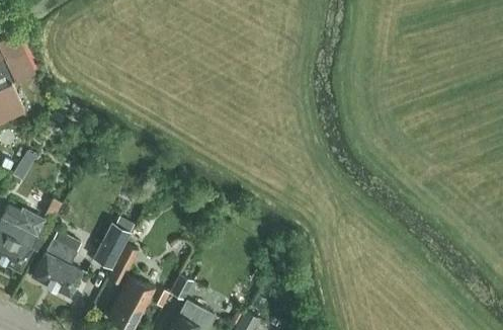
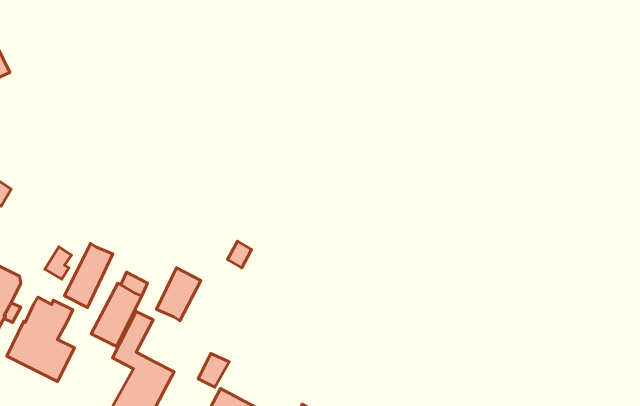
building: none -> [64,244,113,307]
building: none -> [156,268,201,321]

